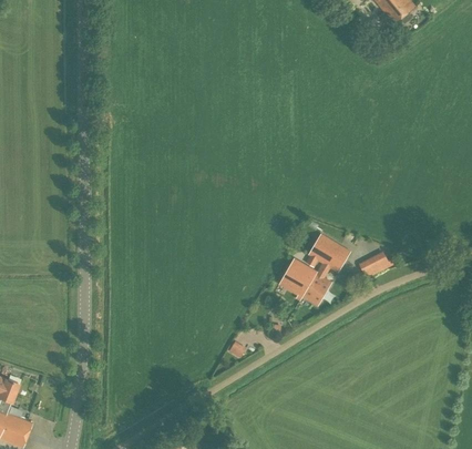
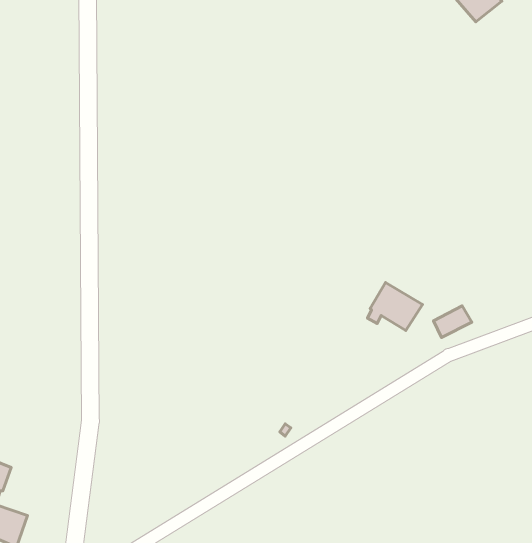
building: [279,257,332,305] -> none

